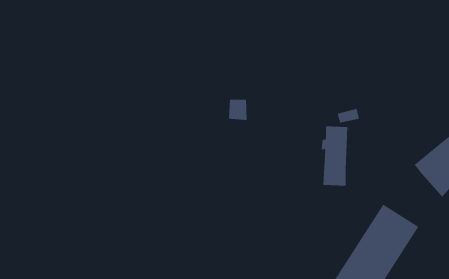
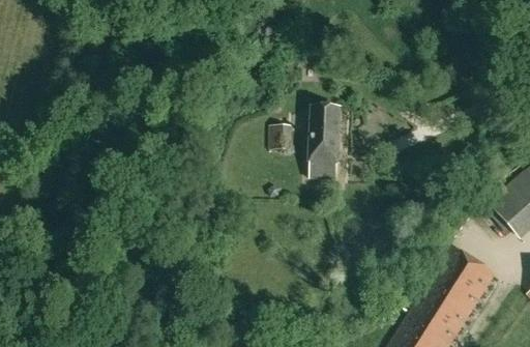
building: [321,126,348,186] -> [307,109,340,179]

